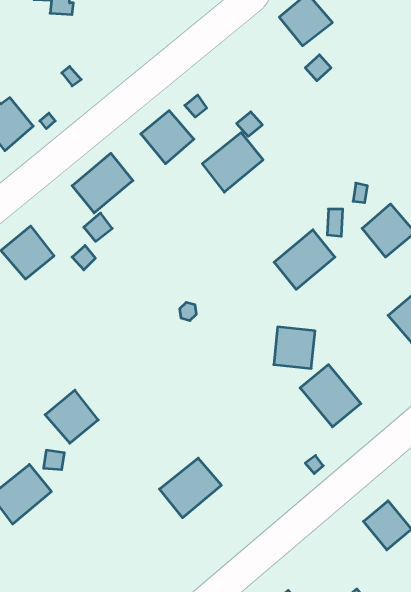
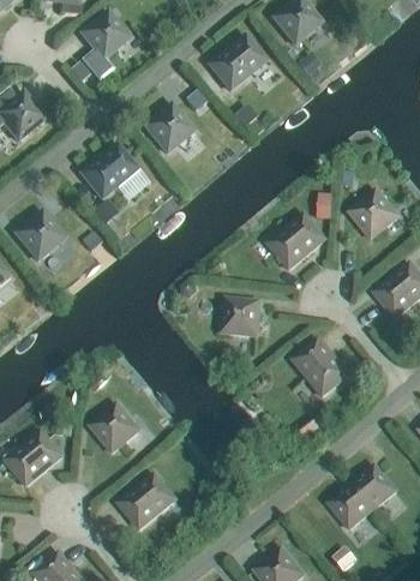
building: none -> [80,10,130,79]
building: [202,133,263,192] -> [209,35,265,90]
building: [274,327,315,368] -> [221,298,259,336]
building: [45,390,98,443] -> [89,403,138,453]
building: [159,458,221,518] -> [118,474,175,529]
building: none -> [328,484,372,528]

